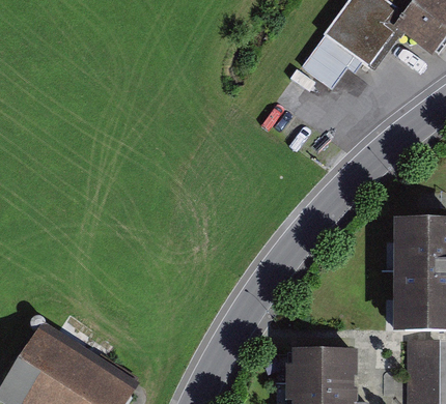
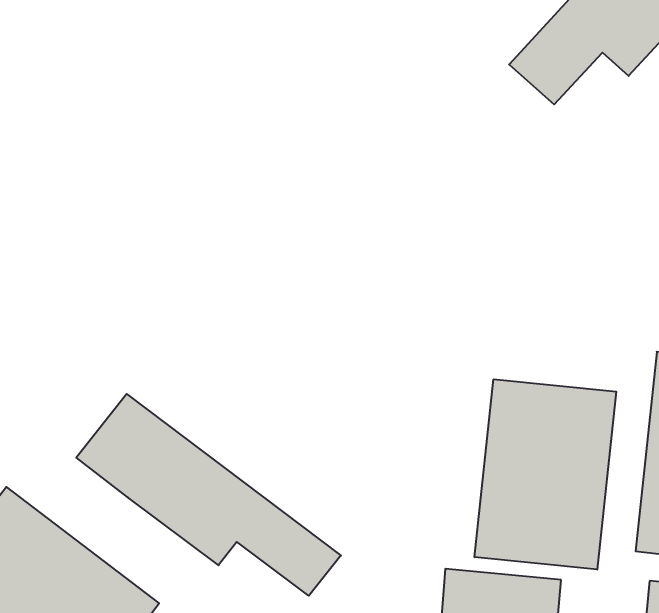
building: none -> [475,379,616,570]
building: none -> [76,394,341,596]

